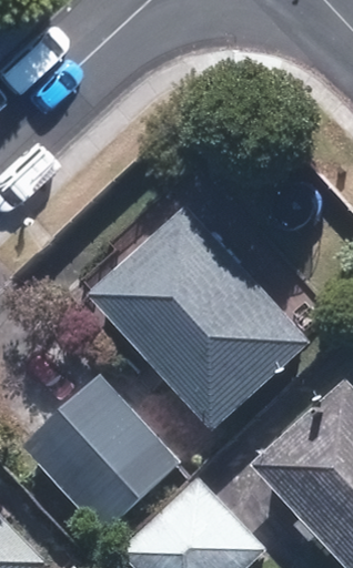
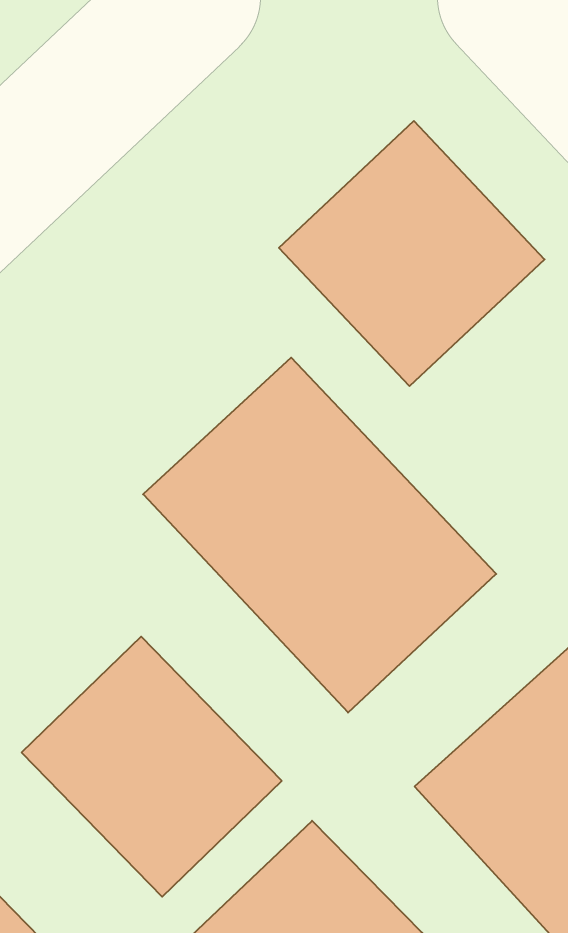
building: none -> [279,121,545,386]

